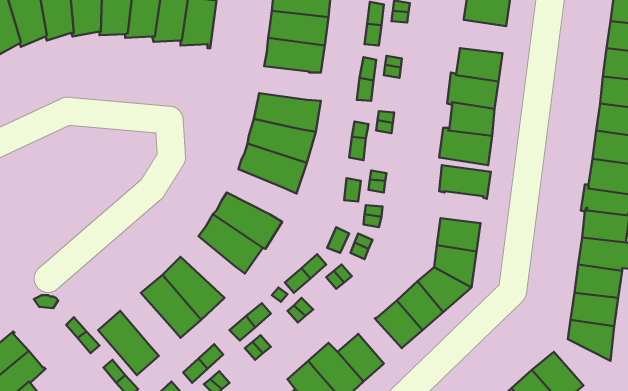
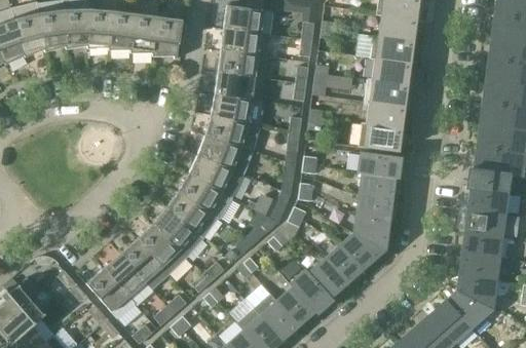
building: none -> [370,33,412,62]
building: none -> [215,72,255,99]
building: none -> [189,154,245,196]
building: none -> [360,171,393,197]
building: none -> [152,207,203,257]
building: none -> [104,253,146,296]
building: none -> [290,269,332,312]
building: none -> [450,289,495,326]

